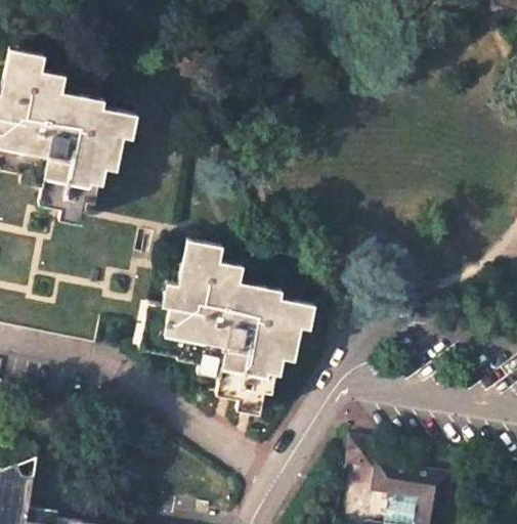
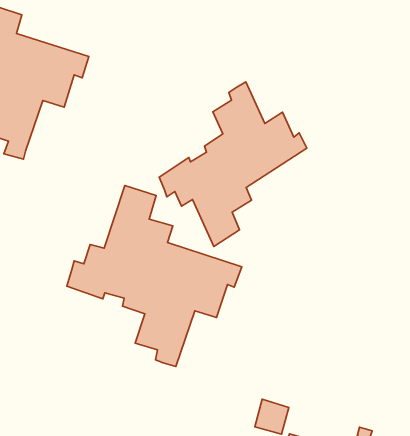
building: none -> [159,82,307,246]

